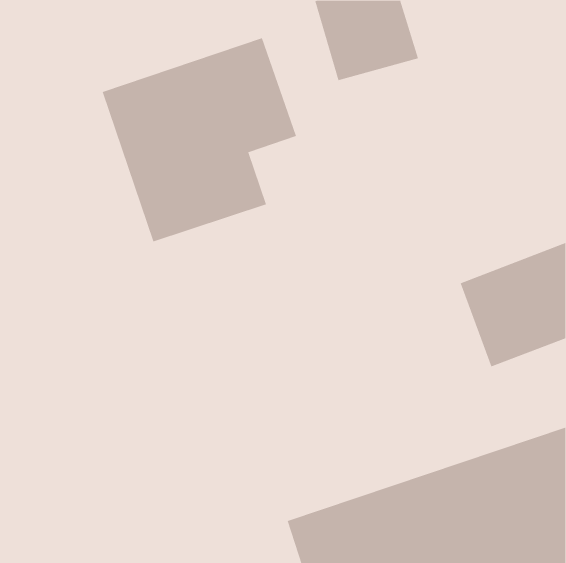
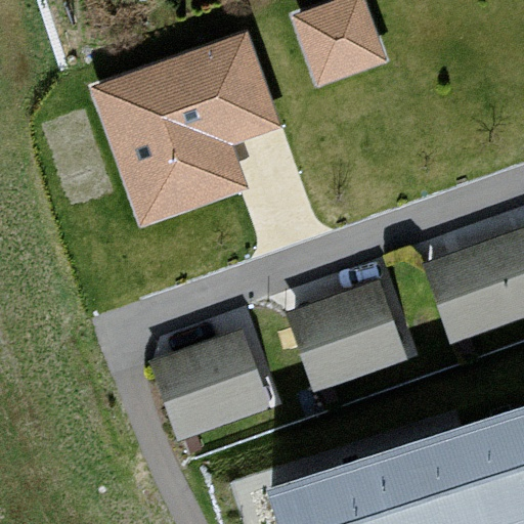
building: none -> [286,281,401,392]
building: none -> [156,331,268,443]

